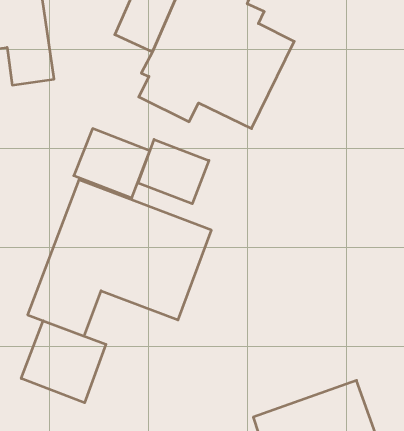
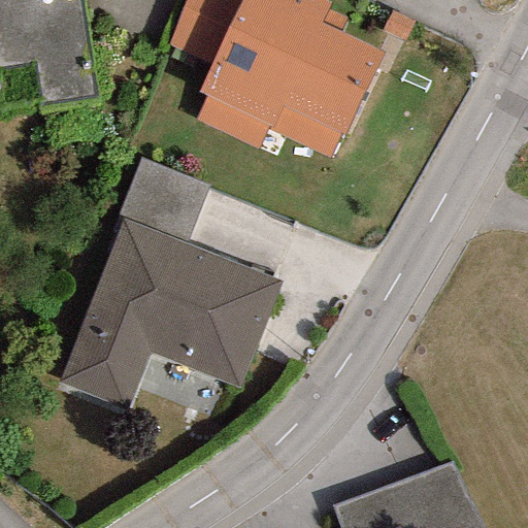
building: [138,139,209,204] -> none
building: [21,321,106,403] -> none

